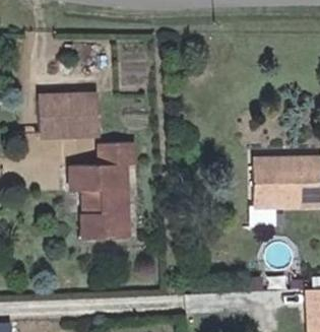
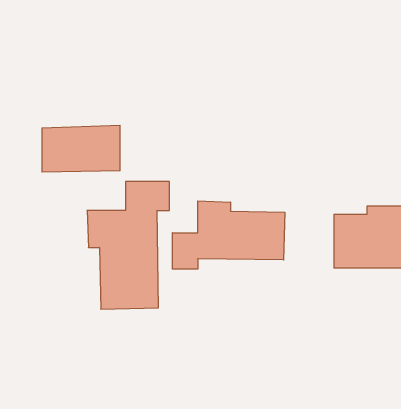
building: none -> [172,201,285,269]

